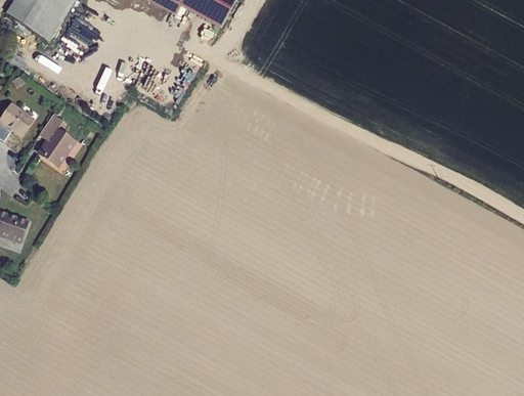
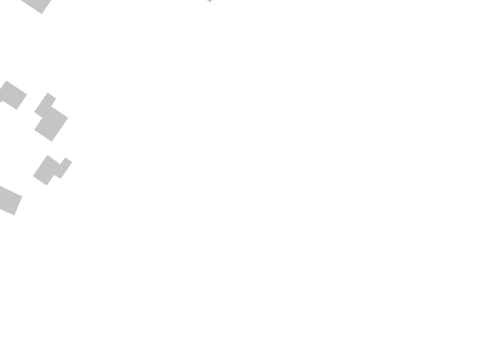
building: none -> [32,154,73,187]

